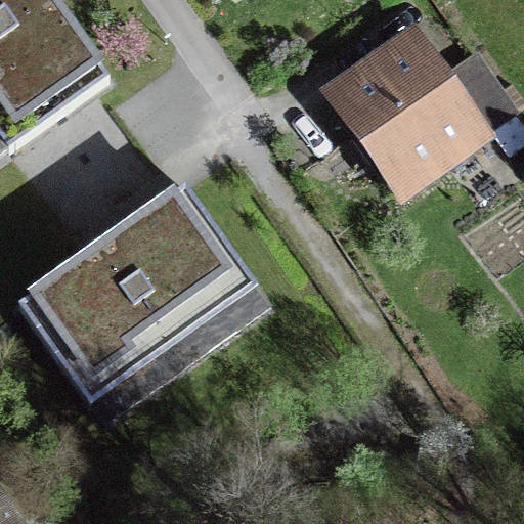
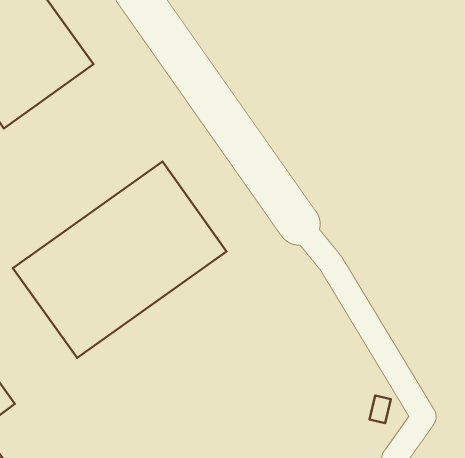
building: [326,34,511,184] -> none

